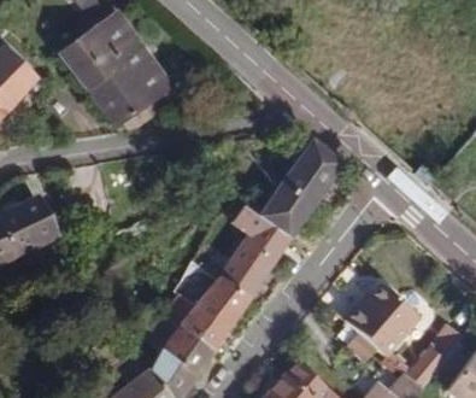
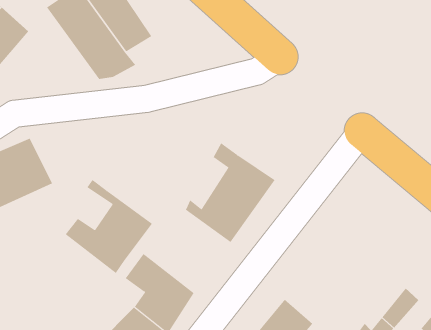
building: [258,124,351,232] -> none
building: [158,251,251,351] -> [65,179,153,274]
building: [348,281,428,358] -> none

